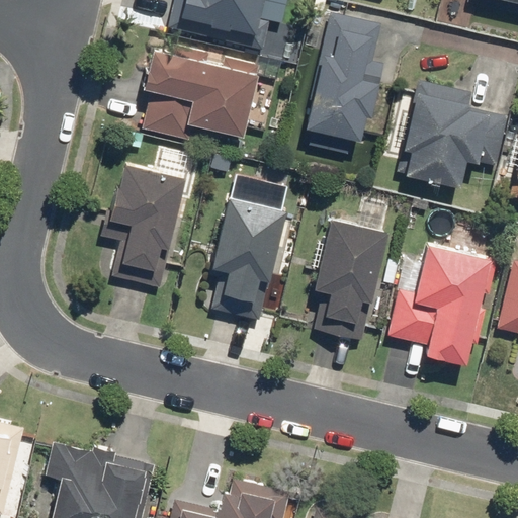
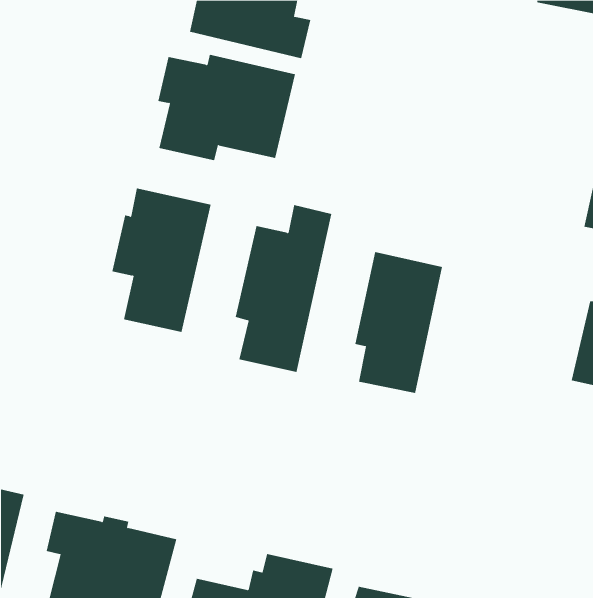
building: [304,13,384,143] -> none
building: [398,80,509,189] -> none
building: [388,242,500,366] -> none

